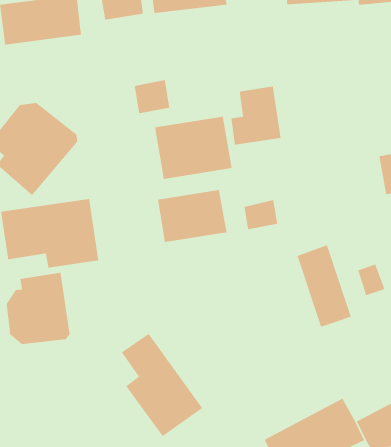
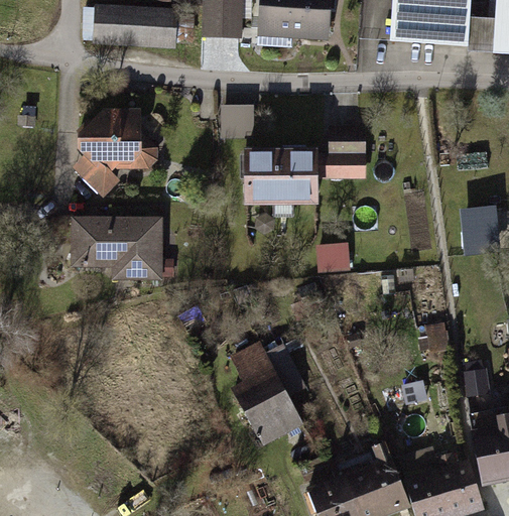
building: [157,189,227,243] -> none
building: [297,244,352,328] -> none
building: [6,272,71,345] -> none
building: [121,333,203,437] -> [230,341,306,449]

